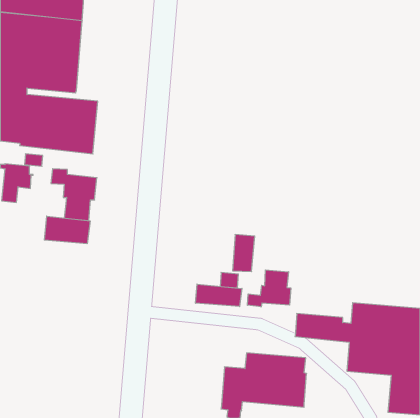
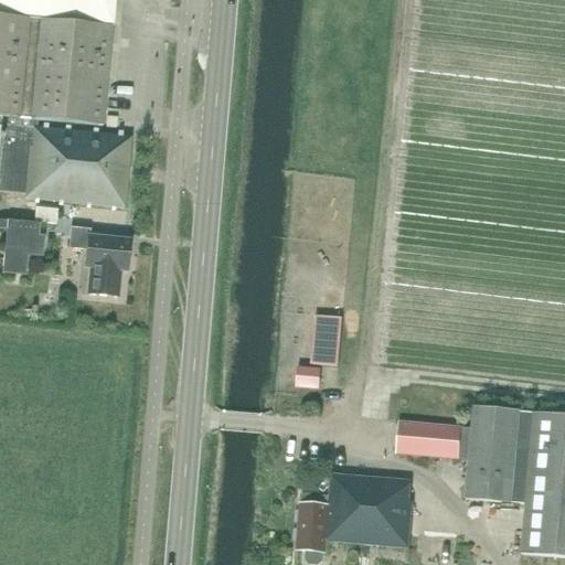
building: [44,216,90,244] -> none
building: [247,270,291,307] -> none
building: [196,284,242,307] -> none

